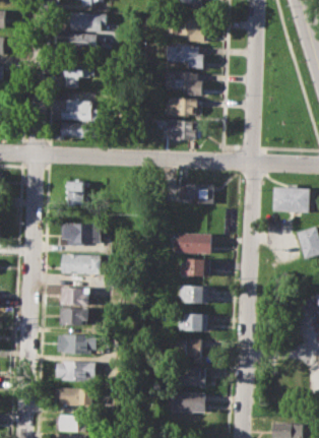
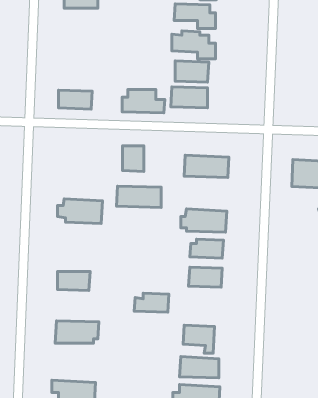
building: [60,66,93,88] -> none
building: [61,100,100,121] -> [122,89,165,113]
building: [66,182,85,205] -> [123,146,144,172]
building: [60,254,101,273] -> [117,186,161,207]
building: [60,308,88,326] -> none
building: [177,314,208,331] -> [134,293,169,312]
building: [57,361,97,381] -> none

